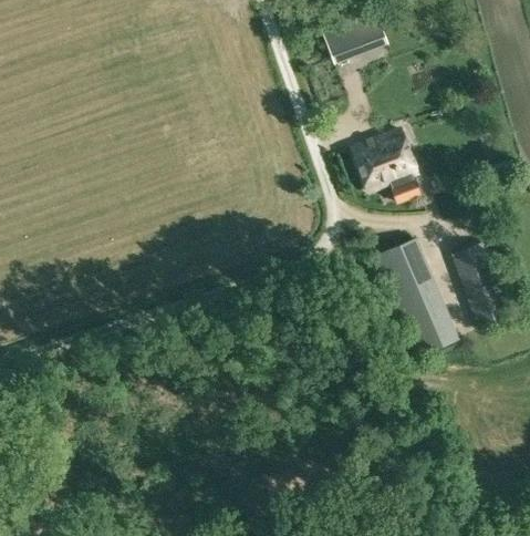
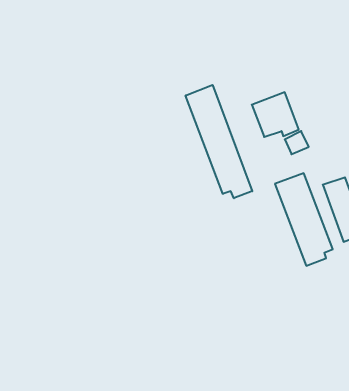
building: [315,11,381,63] -> none
building: none -> [186,85,252,198]

